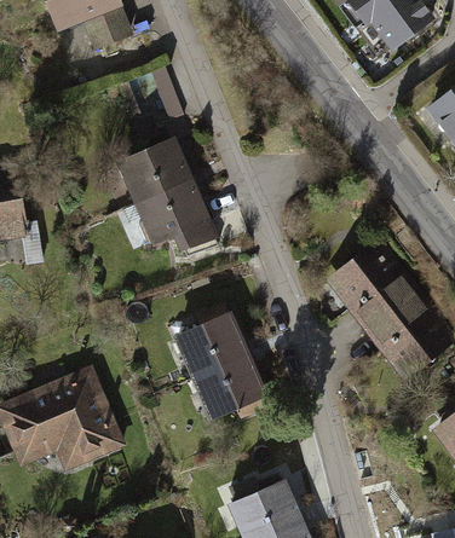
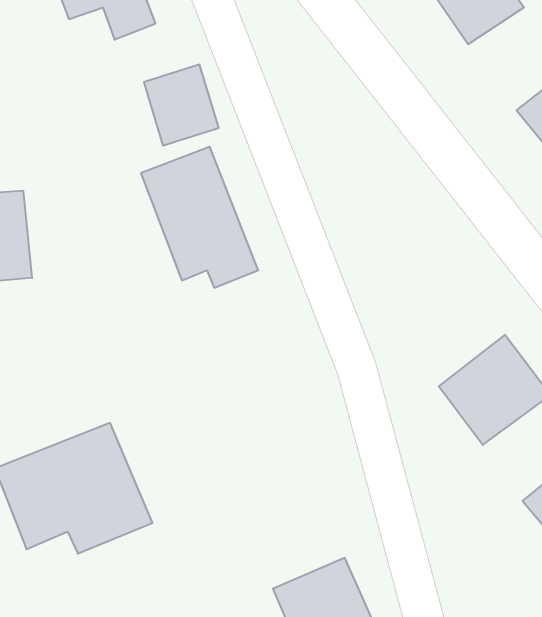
building: [323,241,417,335] -> none
building: [173,311,265,420] -> none

